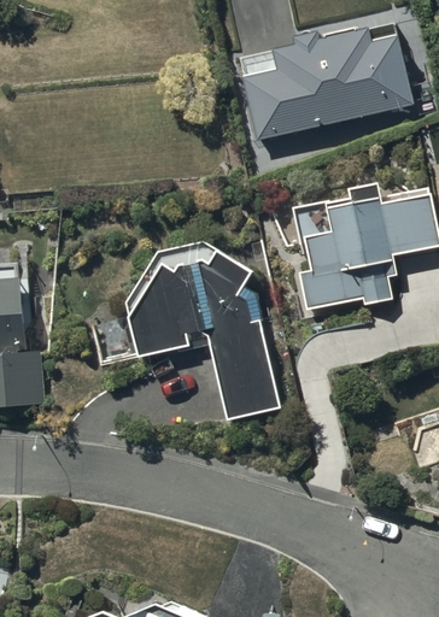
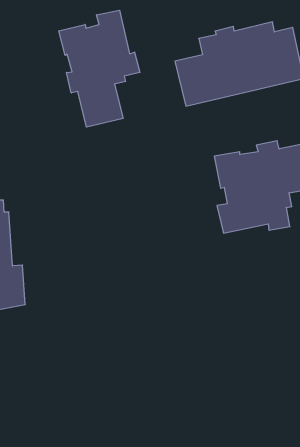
building: none -> [59,10,140,127]
building: [124,241,280,418] -> none

